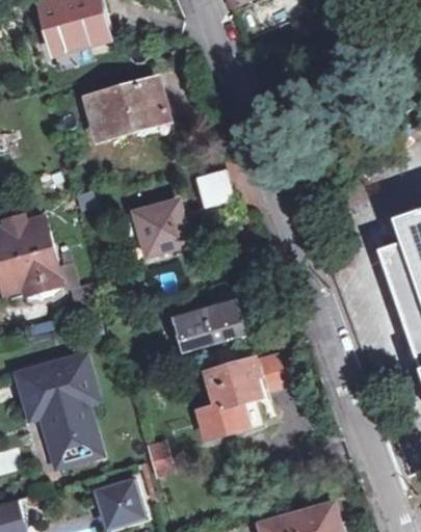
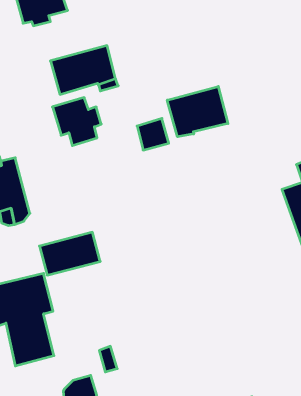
building: none -> [167,86,228,137]
building: [130,197,189,256] -> [52,98,101,146]
building: [176,300,249,352] -> [39,232,100,275]
building: [202,355,298,437] -> none

